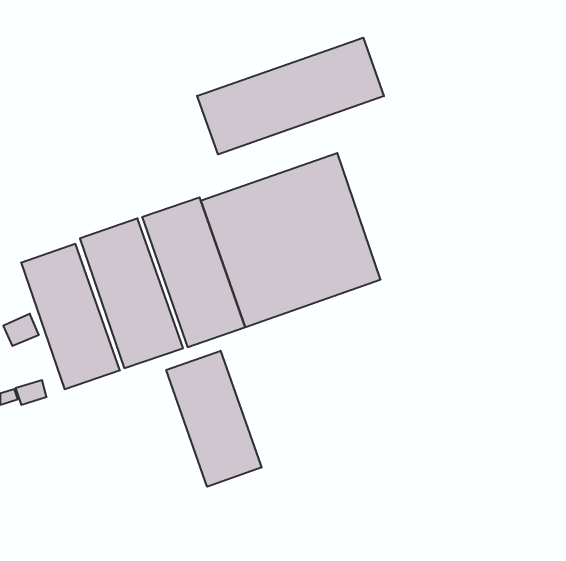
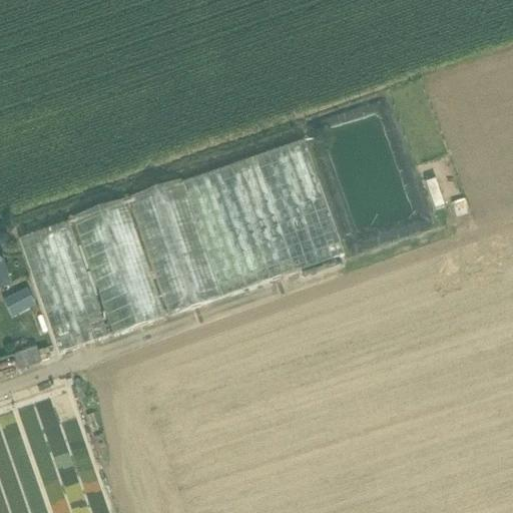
building: [197,38,384,154] -> none
building: [166,351,262,487] -> none

